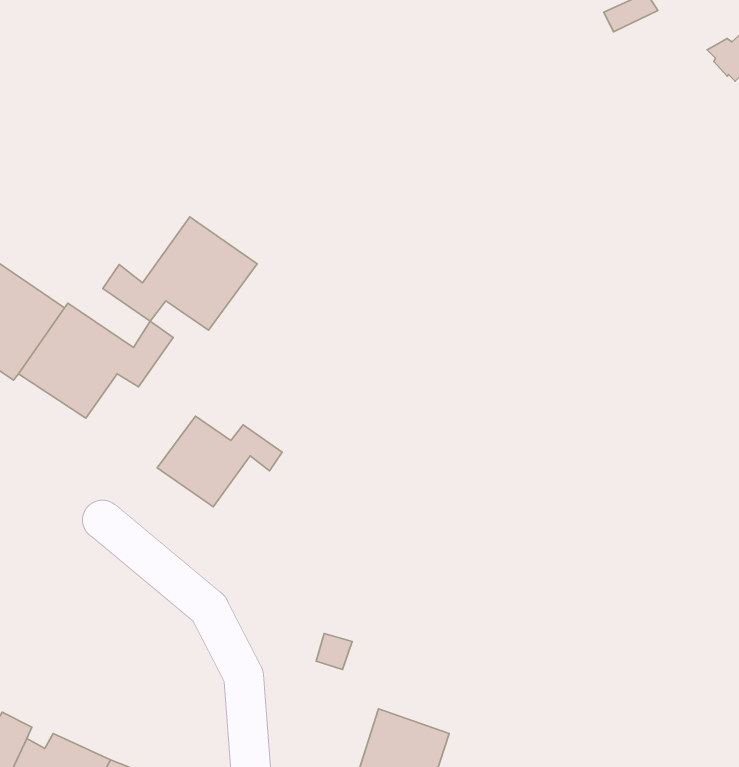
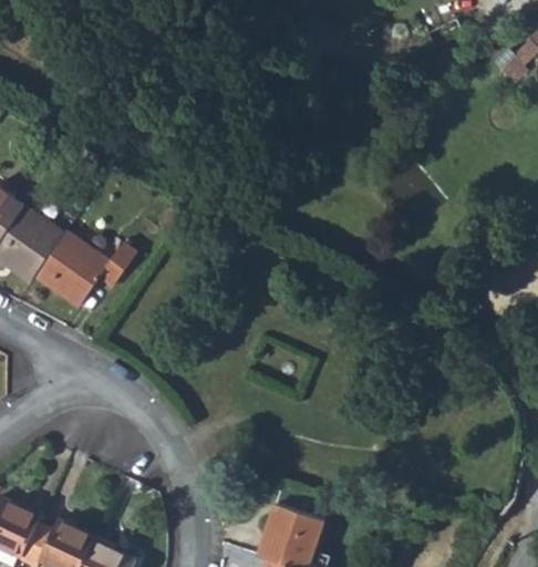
building: [103,217,257,330] -> none
building: [157,416,282,507] -> none

